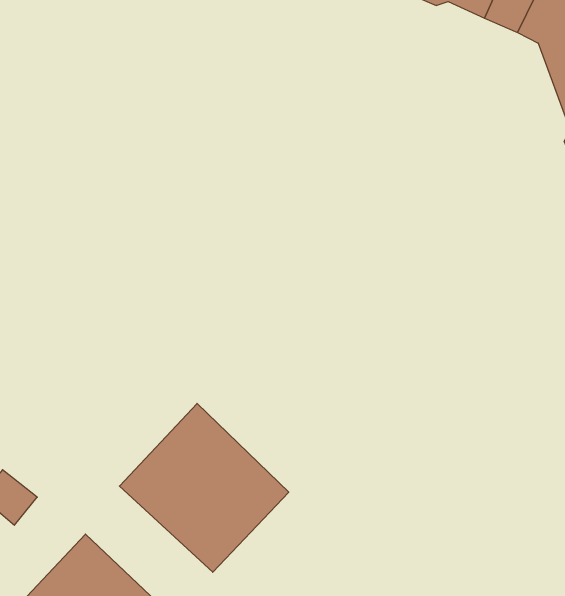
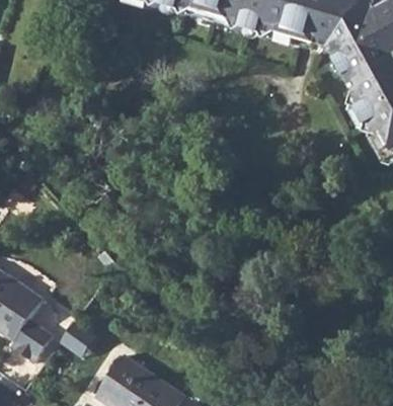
building: [119,403,289,572] -> none

